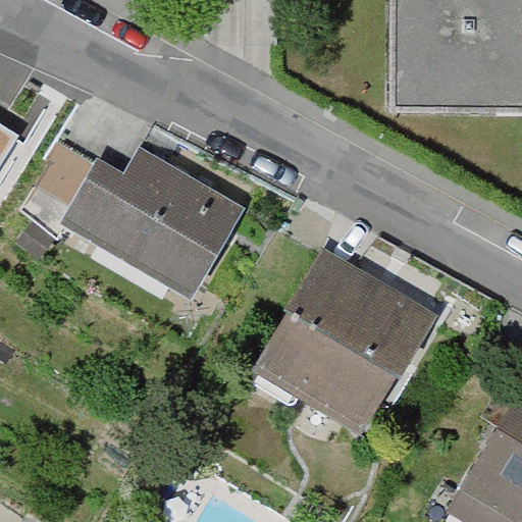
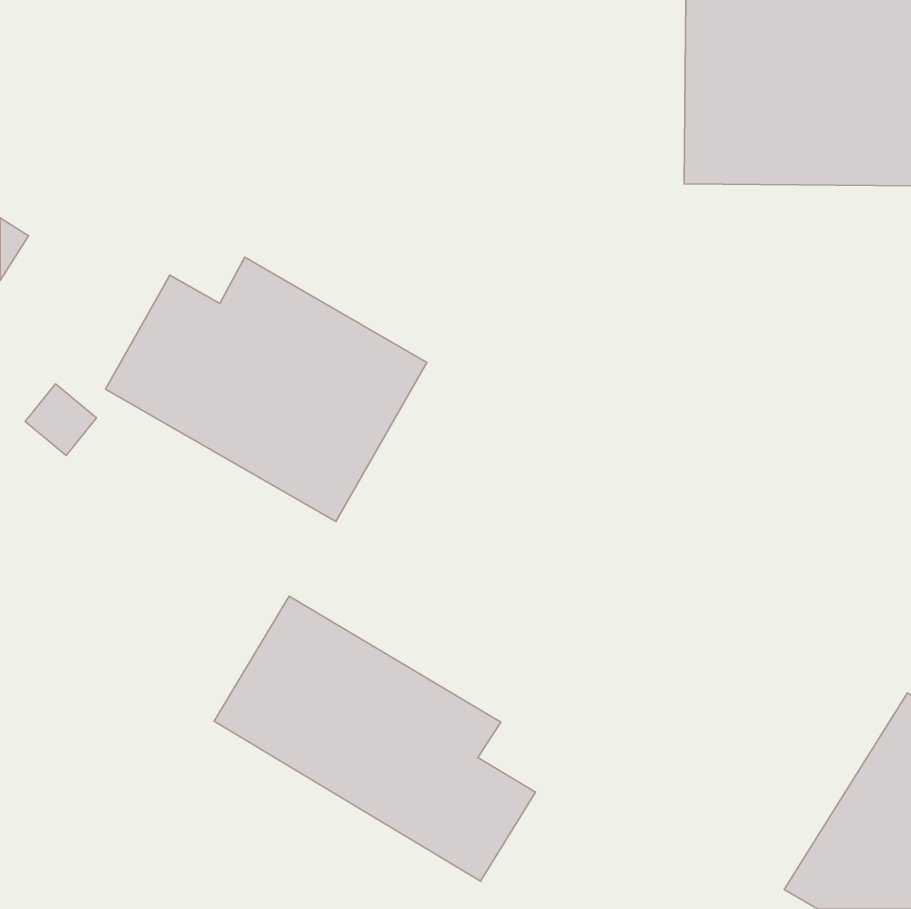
building: [254,250,434,430] -> none
building: none -> [214,596,535,881]

